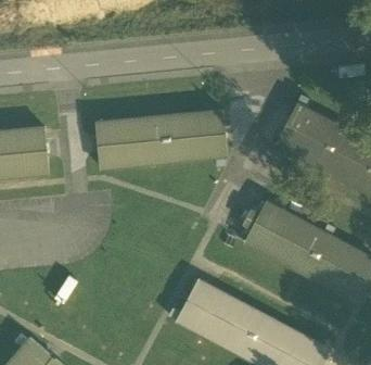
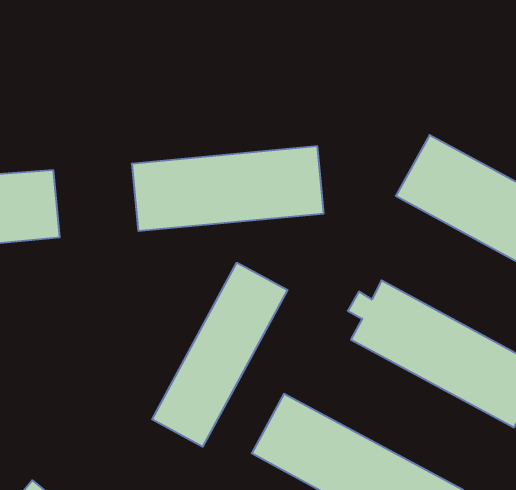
building: none -> [152,263,288,447]

